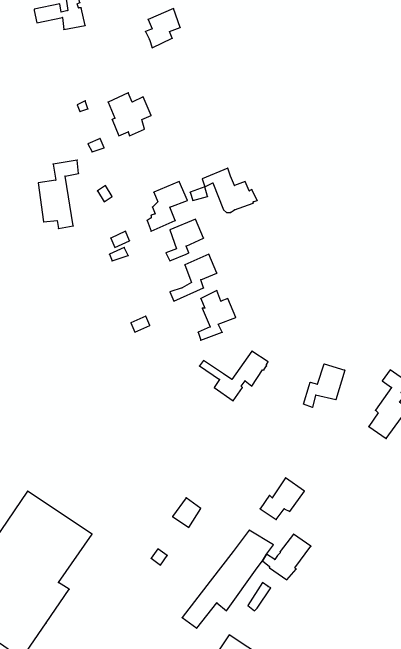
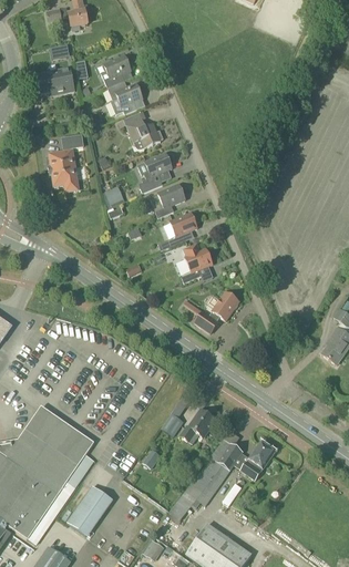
building: [145,9,180,48] -> [101,54,130,86]
building: none -> [37,66,75,93]
building: [202,168,257,212] -> [117,112,163,148]
building: [304,364,345,407] -> none
building: [260,478,304,520] -> [178,409,215,443]
building: none -> [66,480,114,532]

